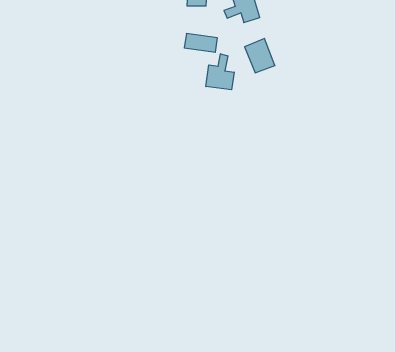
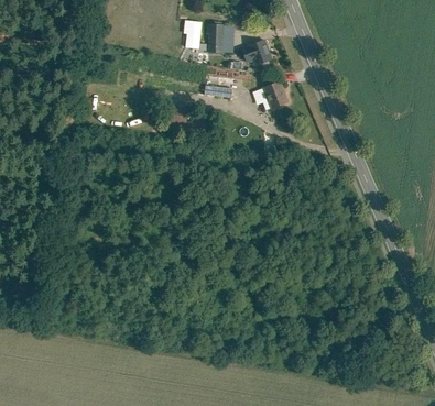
building: [206,54,234,90] -> none

